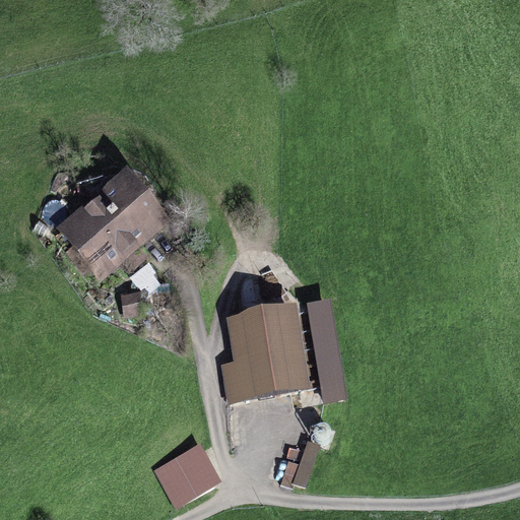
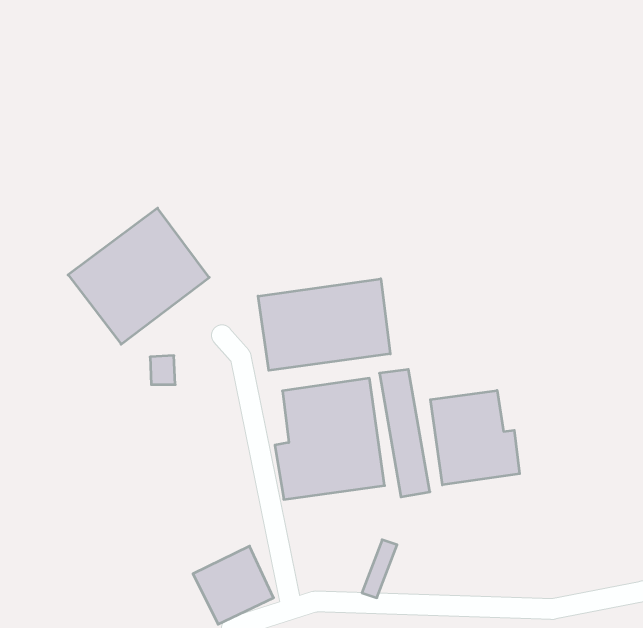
building: none -> [258,279,390,370]
building: none -> [430,390,520,485]

